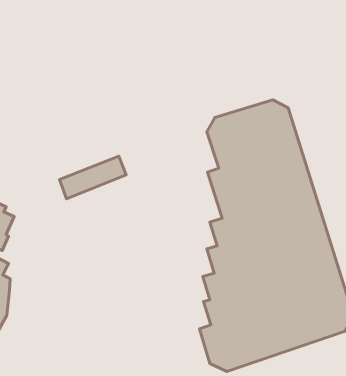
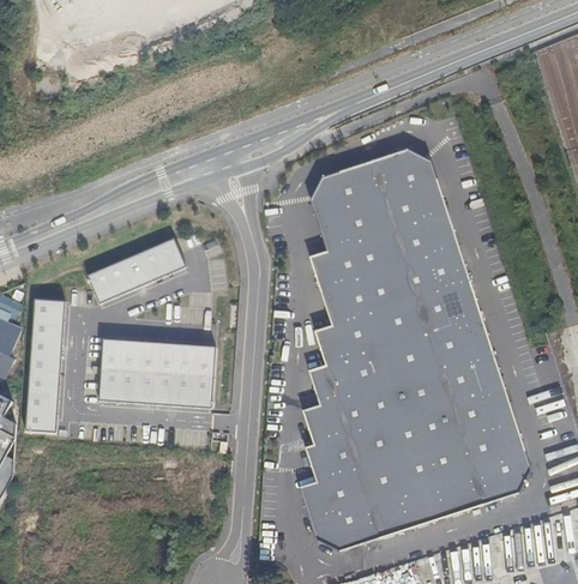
building: none -> [22,296,65,429]
building: none -> [100,333,217,404]

